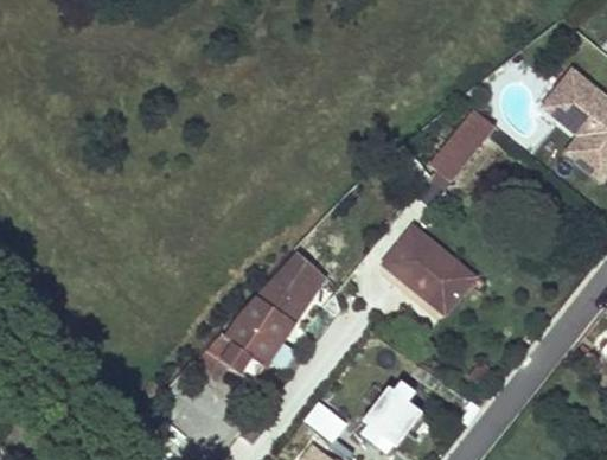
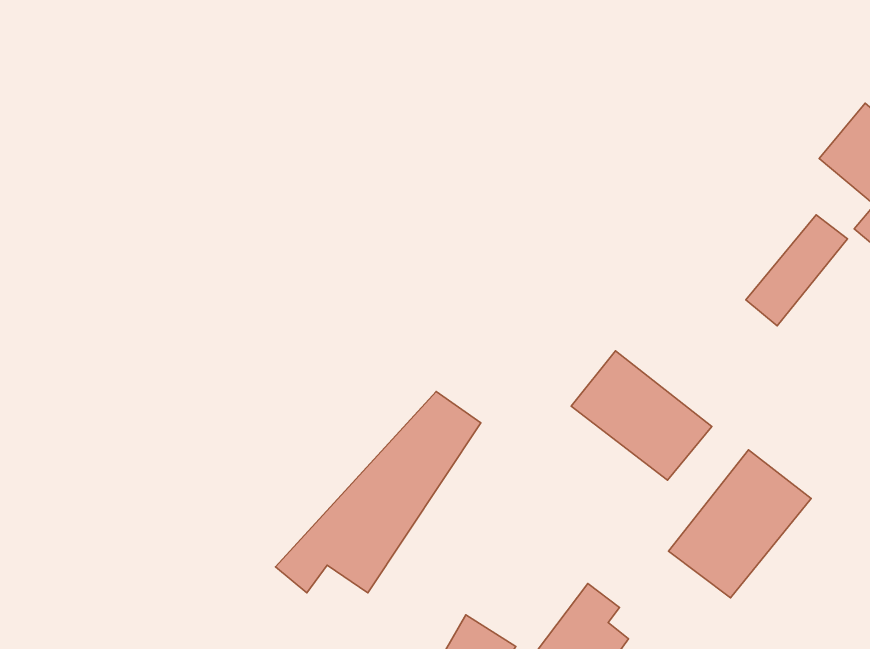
building: [430,110,496,181] -> [746,215,848,326]
building: none -> [668,450,811,598]

